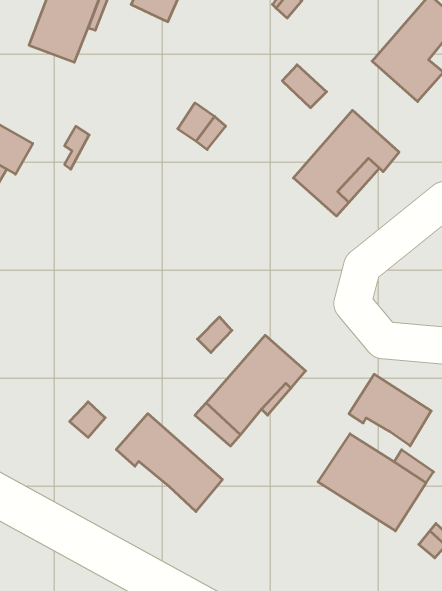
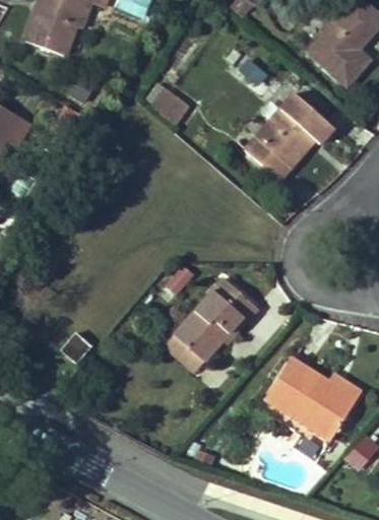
building: [349,374,431,446] -> none
building: [116,414,222,512] -> none

